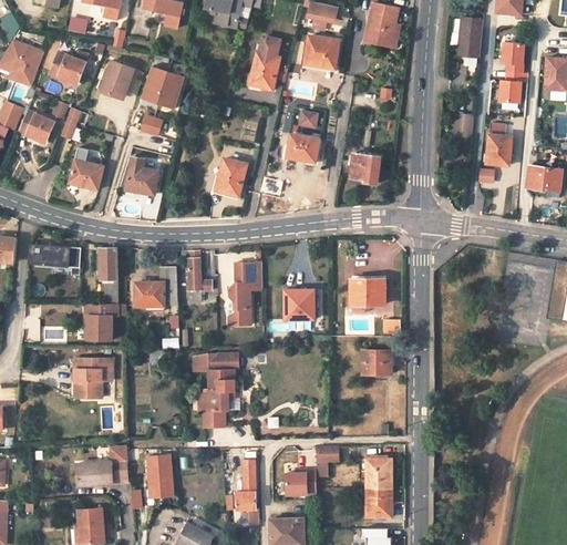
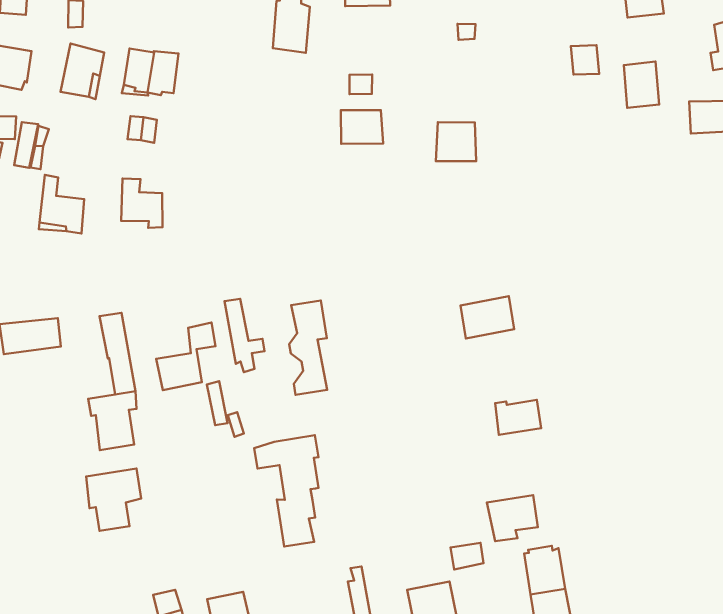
building: [216,161,245,195] -> none
building: [284,289,313,319] -> none
building: none -> [487,495,538,541]

